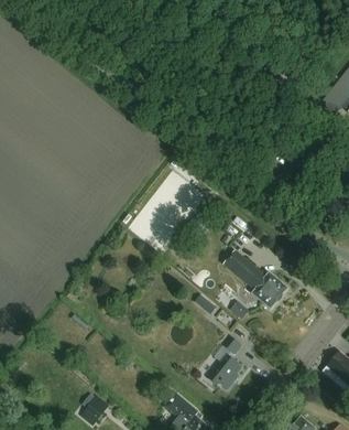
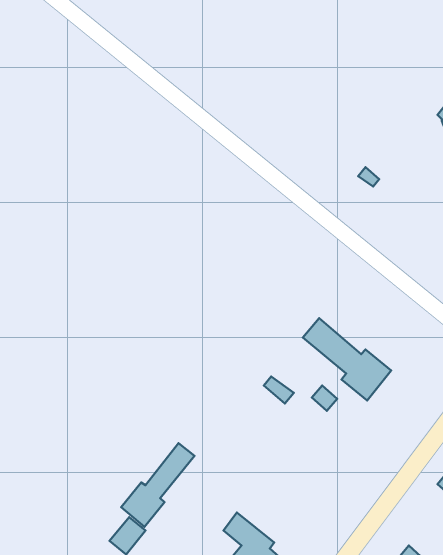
building: [208,334,244,388] -> none
building: none -> [121,443,194,527]

